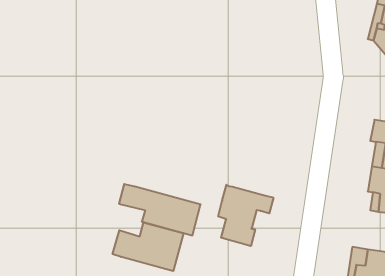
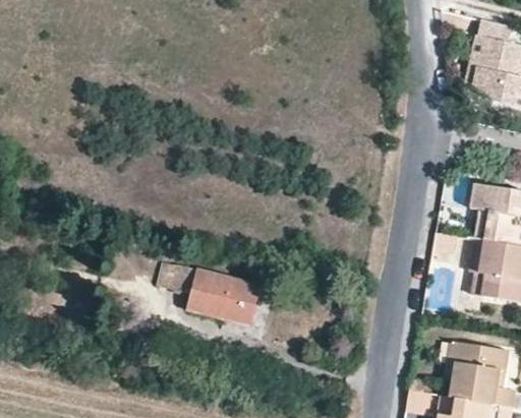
building: [218,185,273,246] -> none
building: [113,222,184,271] -> none

